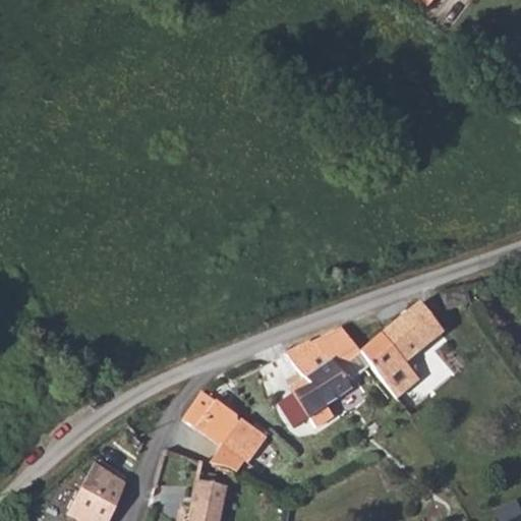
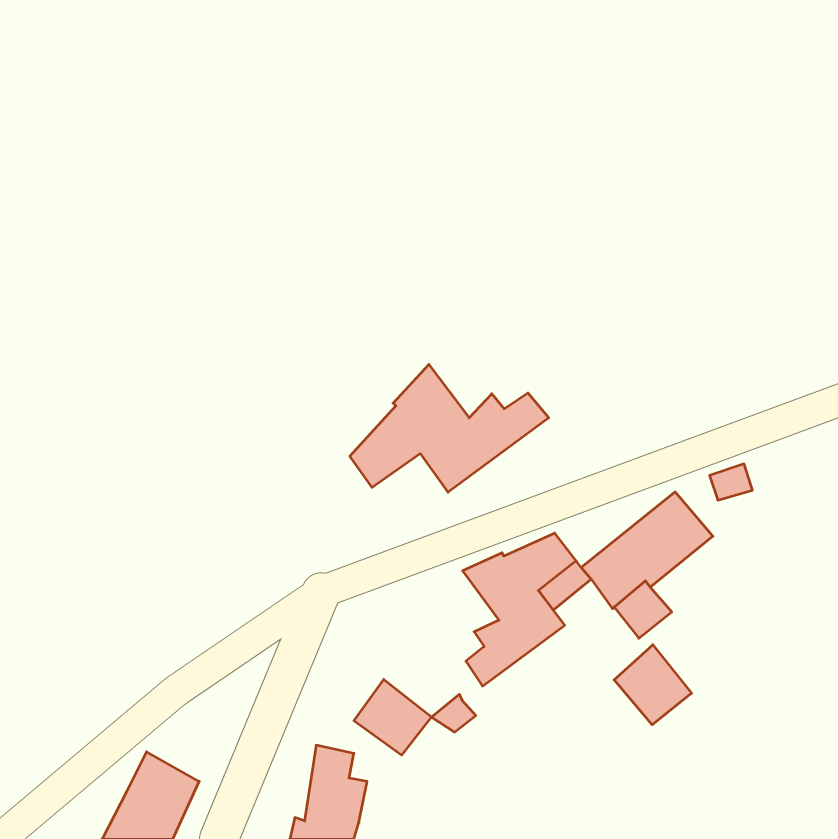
building: none -> [350,364,549,492]
building: [184,393,239,446] -> none
building: none -> [614,645,692,725]

